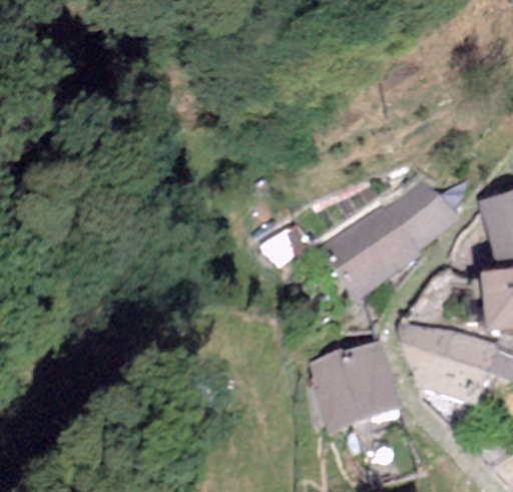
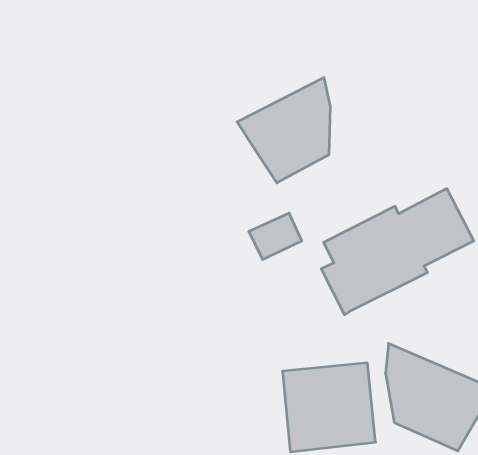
building: none -> [237,78,330,183]

